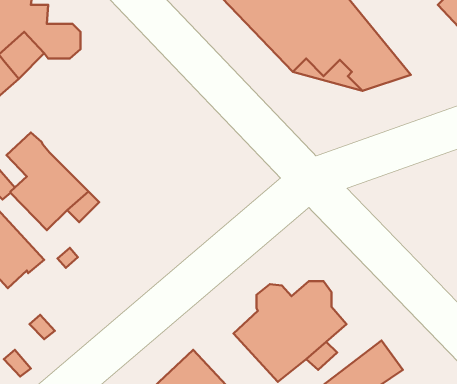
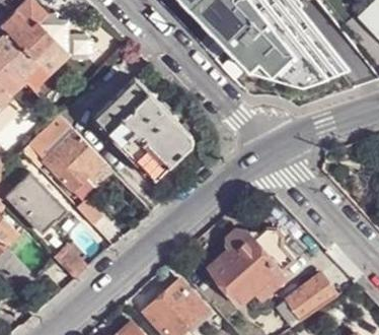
building: none -> [91,77,190,180]

